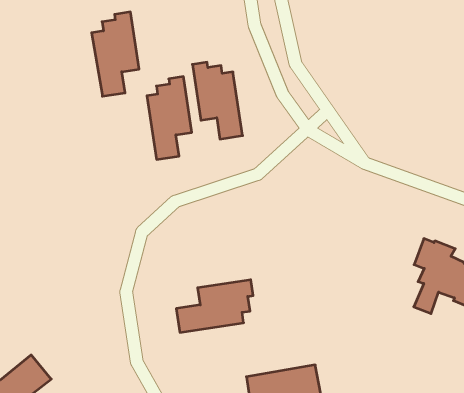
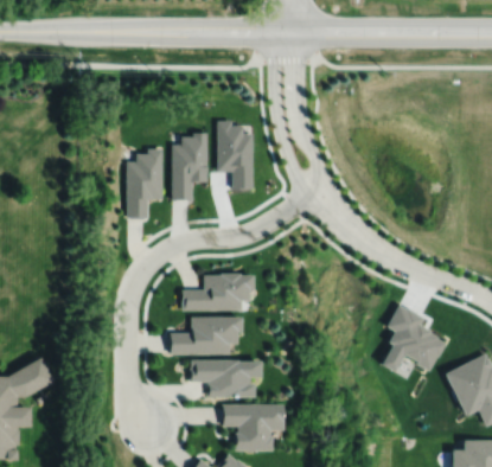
building: [92,12,139,96] -> [127,149,164,219]
building: none -> [183,275,251,312]
building: none -> [190,362,260,396]

